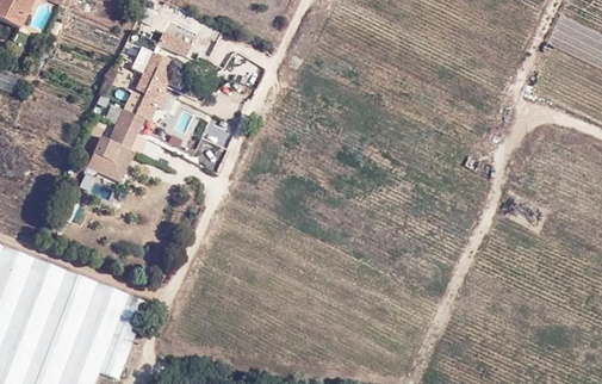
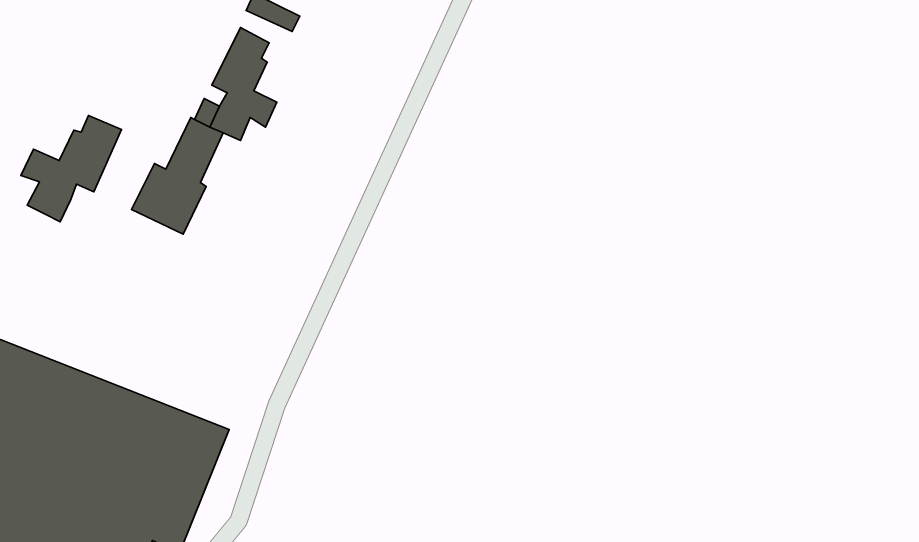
building: none -> [21,116,121,222]

